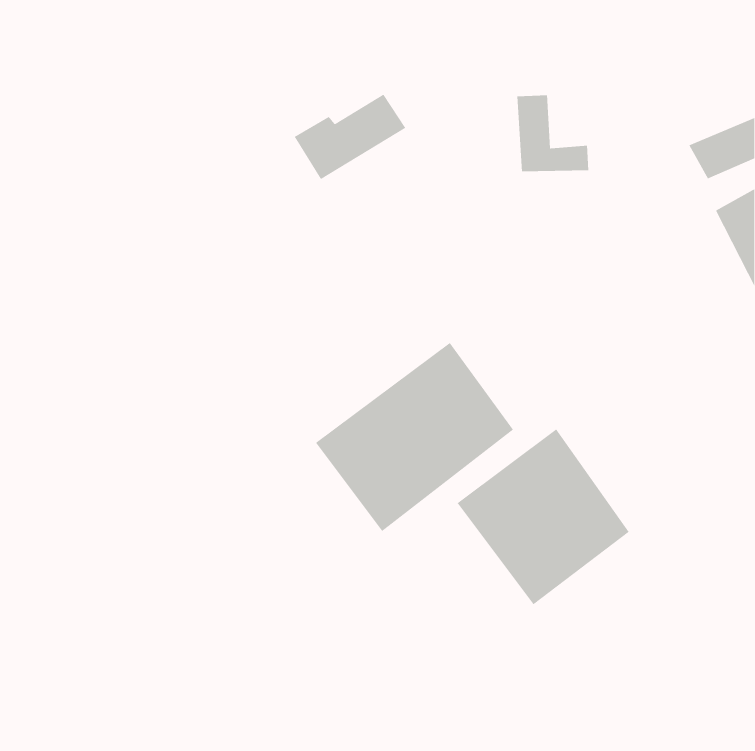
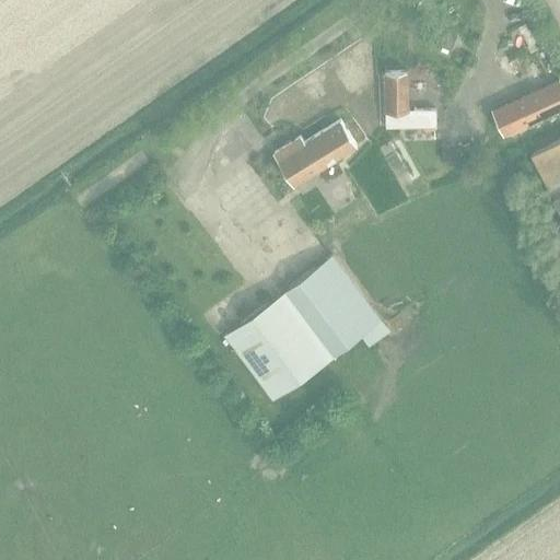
building: [294,94,406,180] -> [273,124,357,187]
building: [457,429,629,605] -> none

